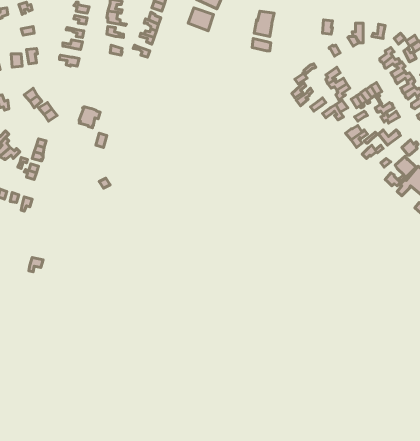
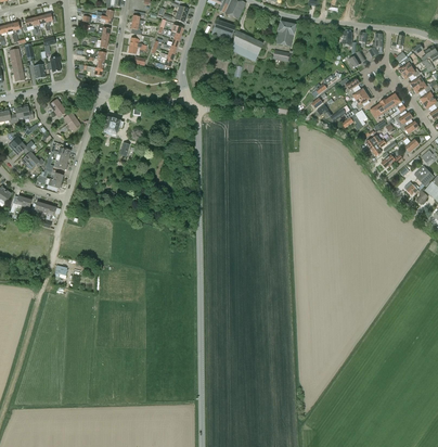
building: none -> [230,29,262,61]

